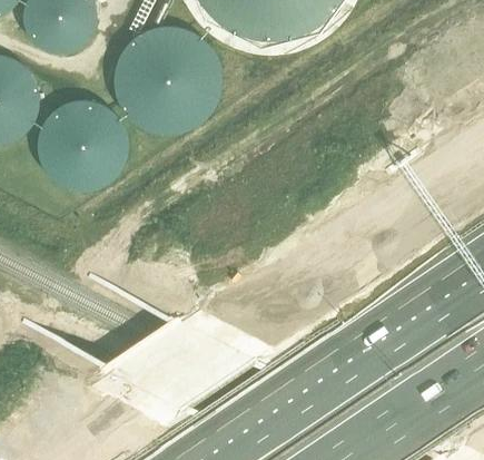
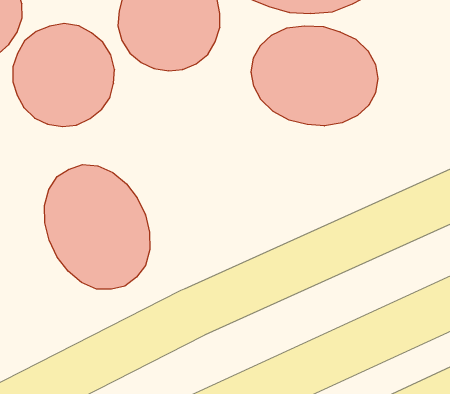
building: none -> [251,26,378,126]
building: none -> [44,165,150,289]

